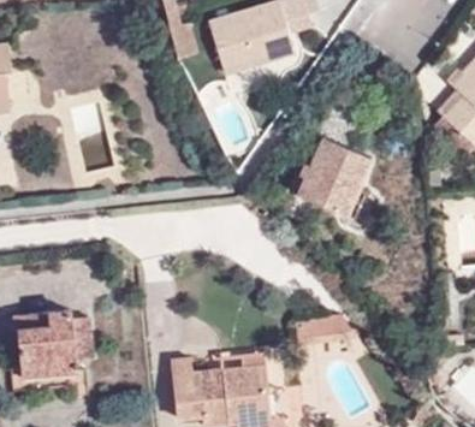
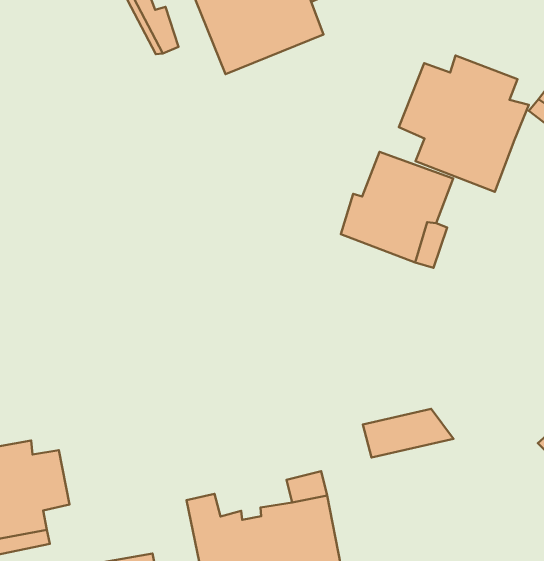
building: none -> [399,55,529,192]

